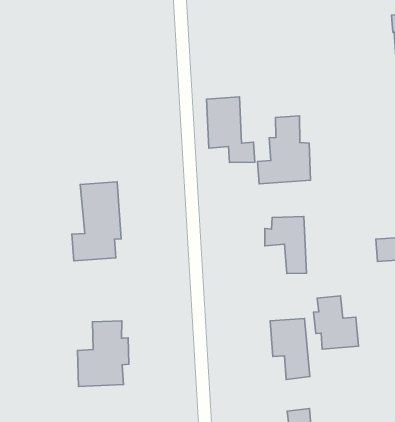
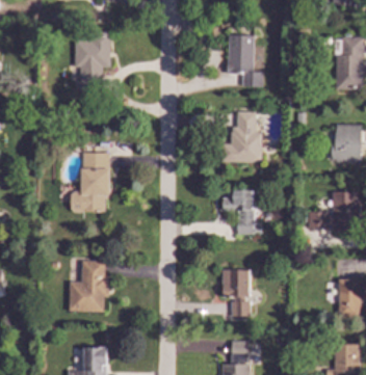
building: none -> [71,31,110,91]
building: [207,97,255,162] -> [228,34,263,86]
building: [314,296,359,349] -> none

